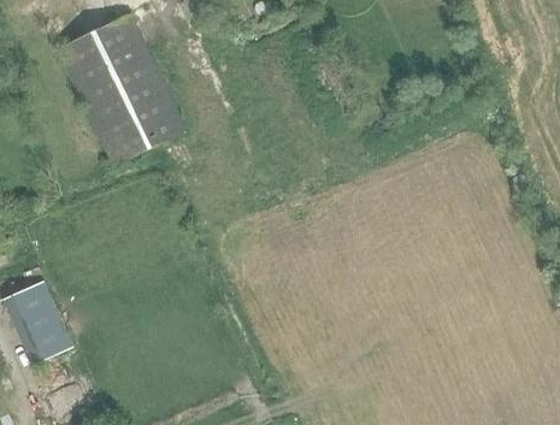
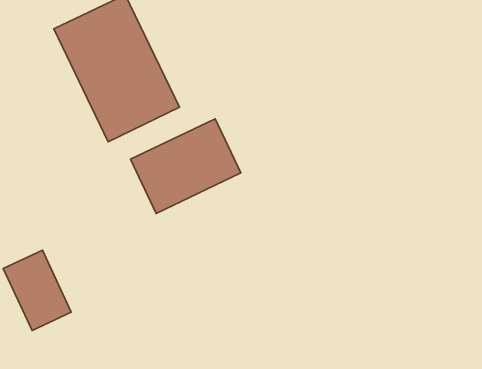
building: none -> [130,119,241,214]

